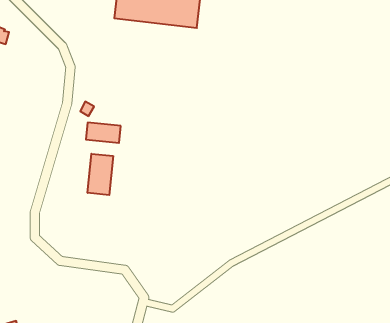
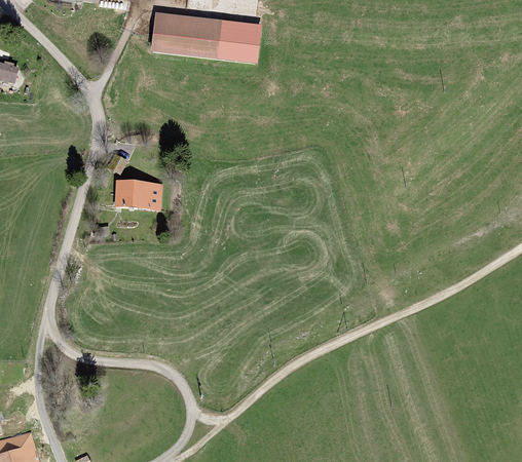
building: [88,154,113,195] -> none

